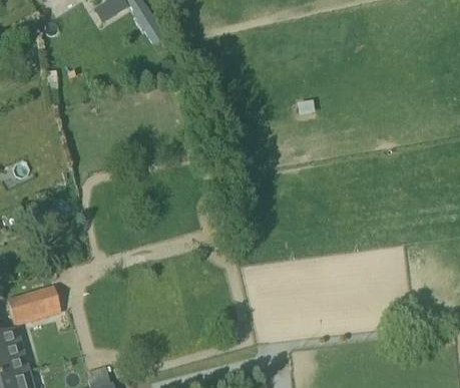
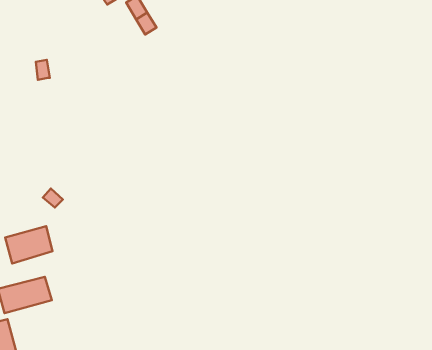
building: none -> [5,226,53,263]

